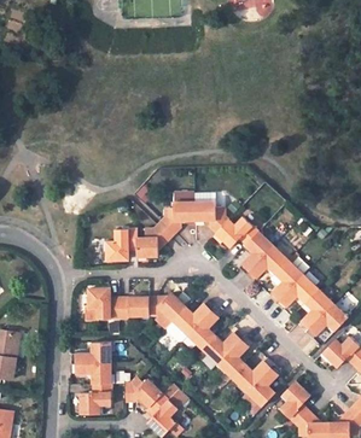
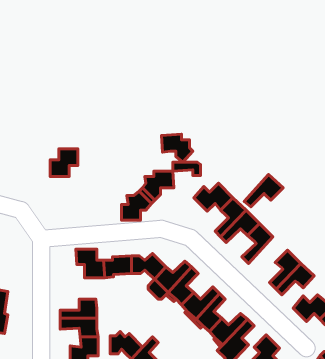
building: [193,202,227,232] -> [162,134,193,162]
building: [107,229,138,259] -> [50,149,78,177]
building: [275,274,318,309] -> [244,175,283,207]

